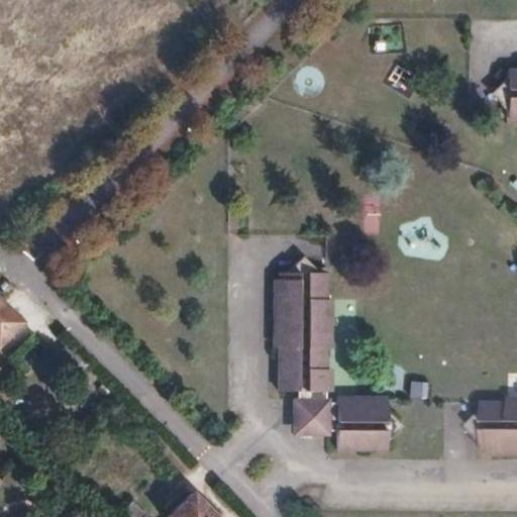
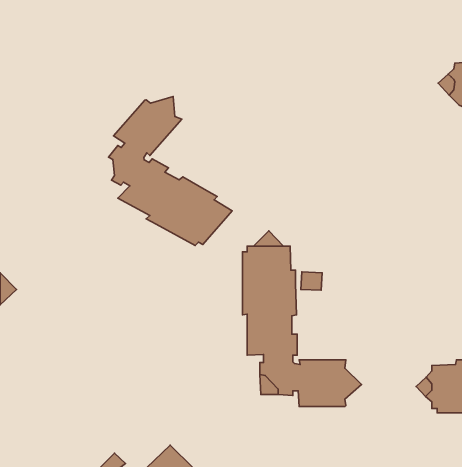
building: none -> [108,97,232,246]

